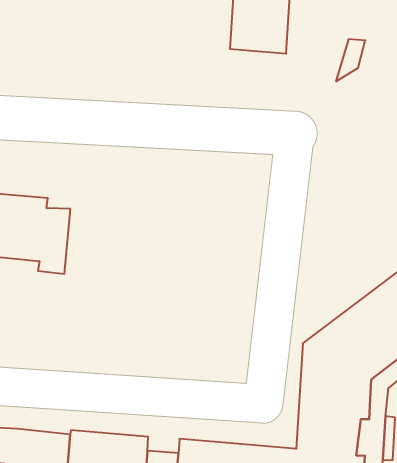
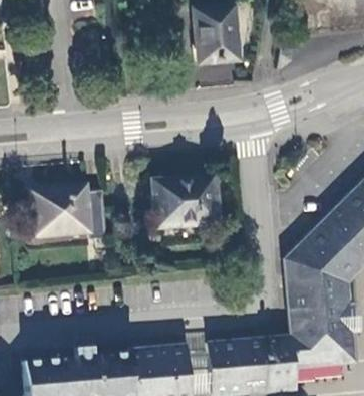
building: none -> [152,181,220,231]

